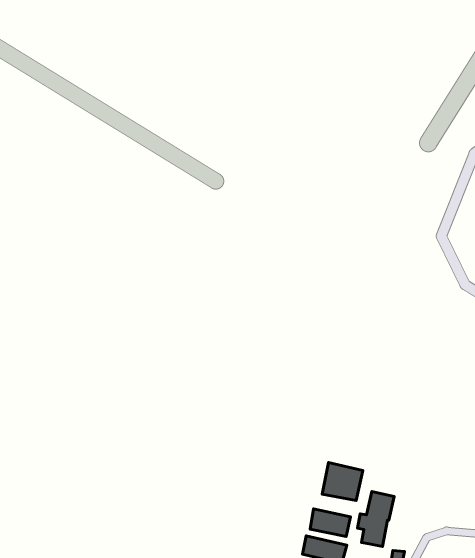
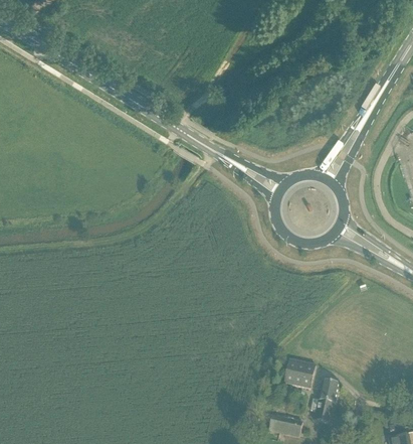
building: [310,509,351,536] -> none

